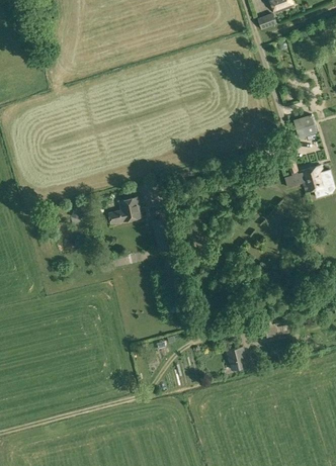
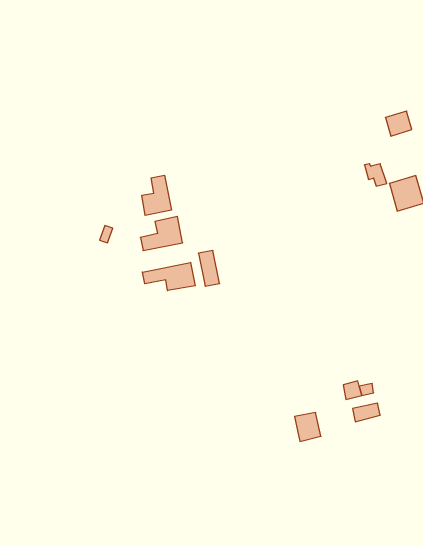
building: none -> [142,175,171,215]
building: none -> [142,262,195,291]

